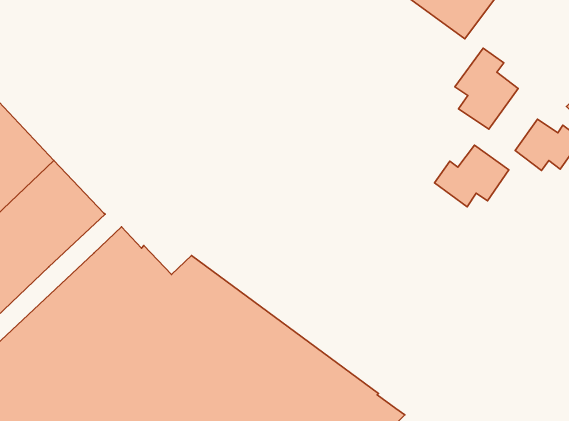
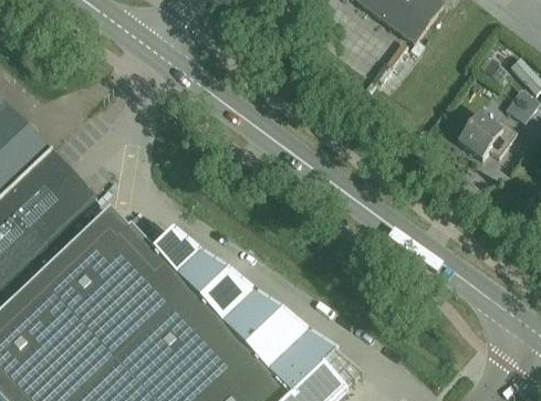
building: [455,48,518,129] -> none
building: [435,145,509,207] -> none

